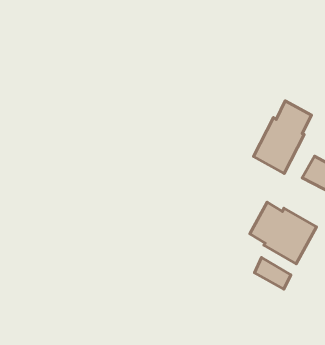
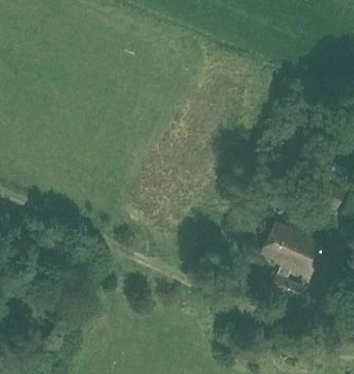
building: [254,101,311,174] -> none

